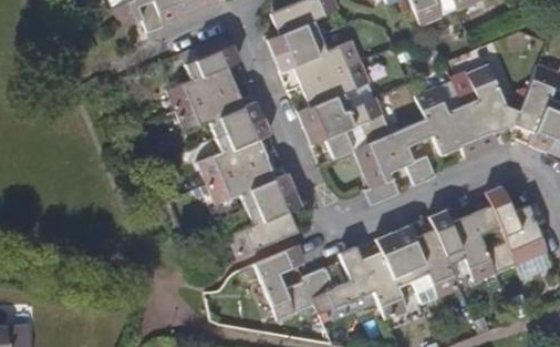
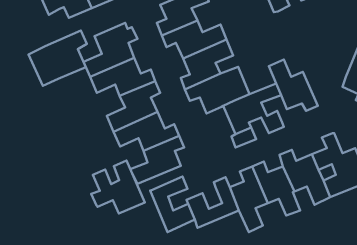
building: none -> [29,31,87,86]
building: [460,67,518,150] -> none
building: none -> [91,160,145,213]

